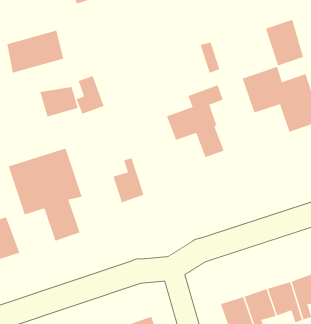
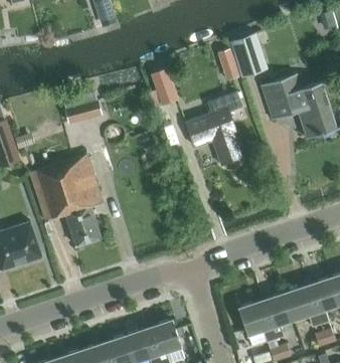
building: [265,19,304,66] -> [230,32,269,78]
building: [5,30,64,73] -> none
building: [76,76,104,114] -> [150,69,178,108]
building: [113,158,144,203] -> none

